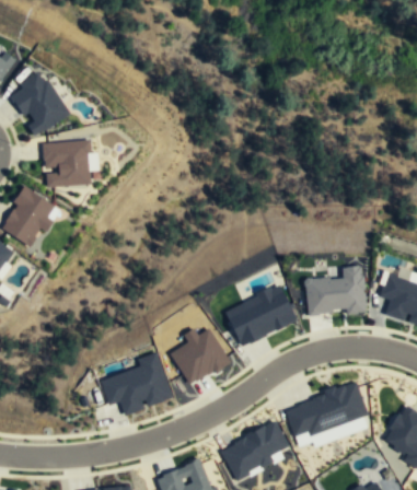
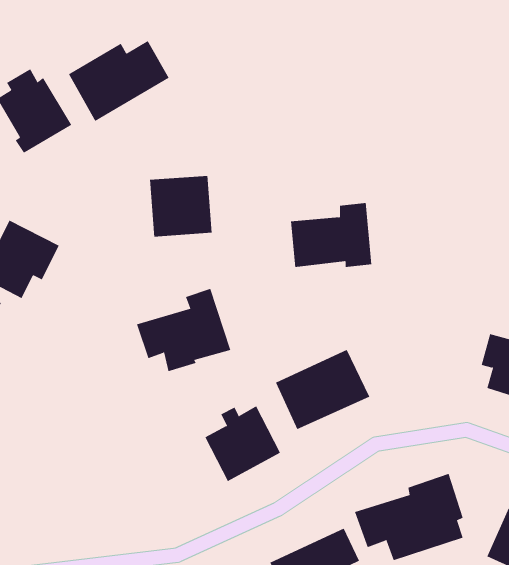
building: none -> [68,40,170,122]
building: [44,141,92,188] -> [149,175,212,237]
building: [304,266,367,315] -> [290,203,372,267]
building: [100,352,172,416] -> [136,288,231,372]

